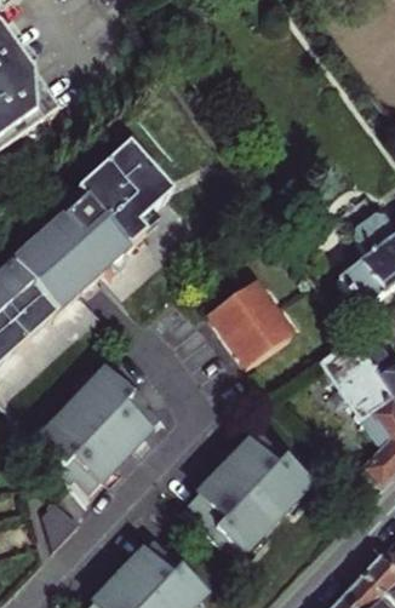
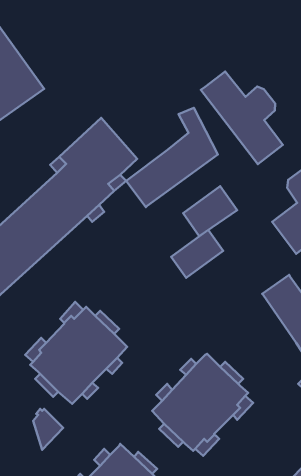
building: none -> [201,72,283,164]
building: none -> [126,108,218,207]
building: [228,308,293,368] -> [183,186,237,236]

